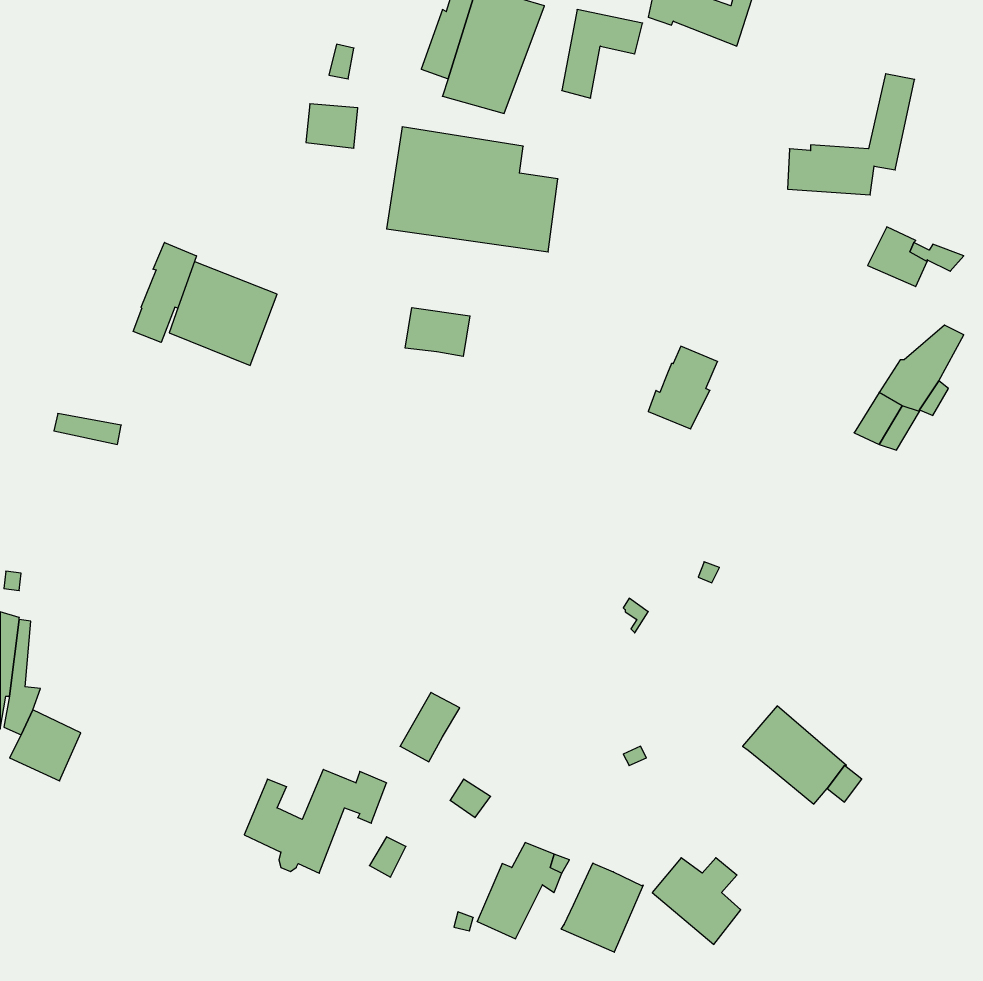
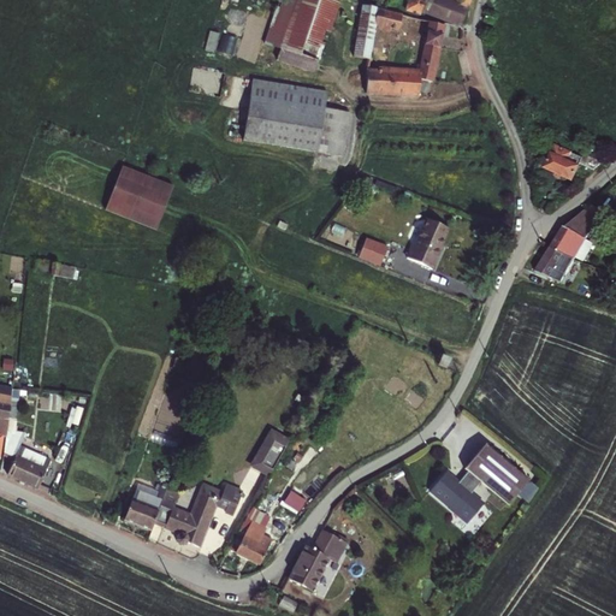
building: [788,74,915,195] -> [366,23,445,99]
building: [133,242,196,342] -> none
building: [405,308,470,356] -> none
building: none -> [357,236,387,265]
building: none -> [123,482,167,529]
building: none -> [242,529,274,563]
building: [652,858,741,944] -> [428,469,484,523]
building: [561,863,643,952] -> none

